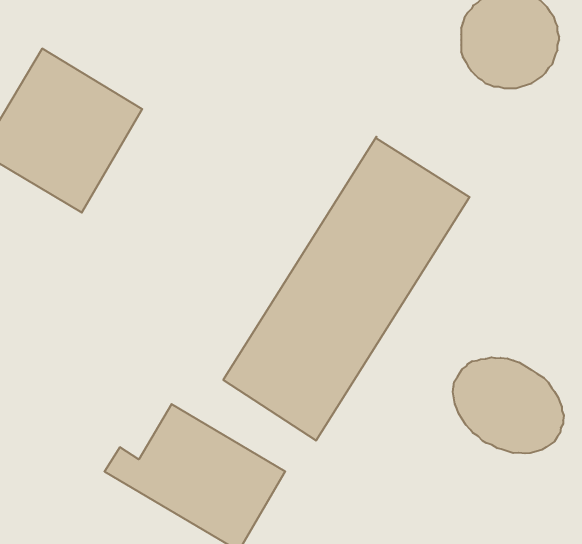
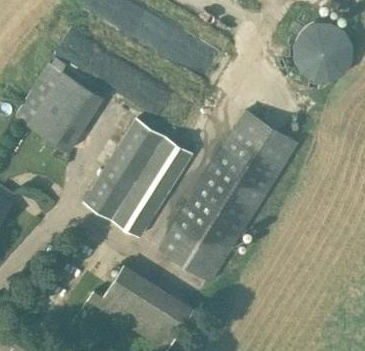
building: none -> [82,119,191,239]
building: [453,357,564,453] -> none

